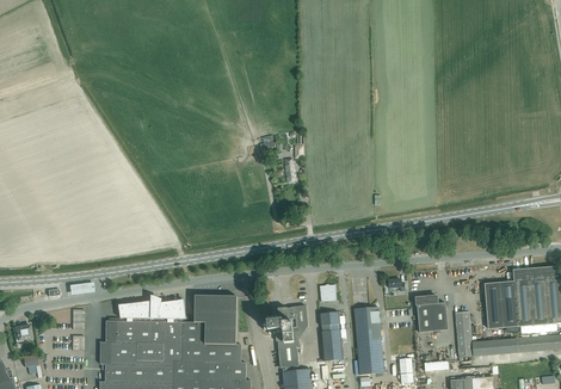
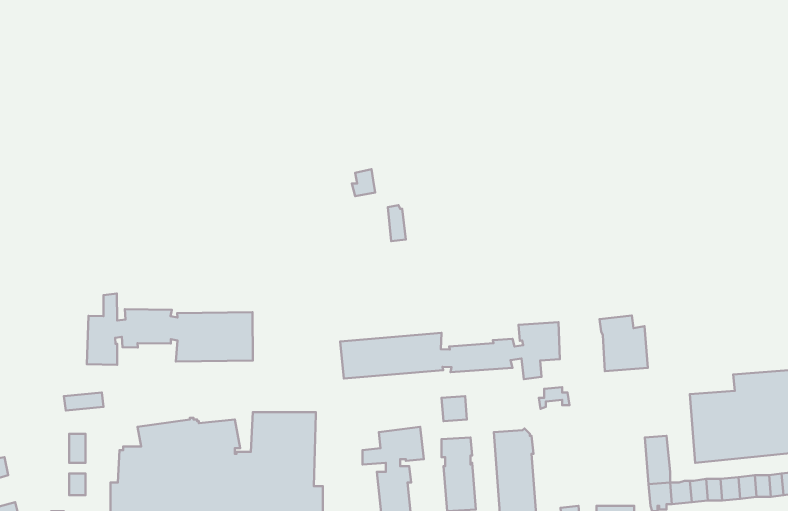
building: none -> [87,293,253,365]
building: none -> [340,322,560,379]
building: [415,296,448,333] -> [599,315,648,371]

